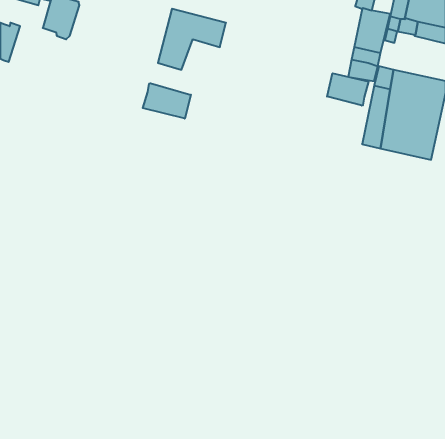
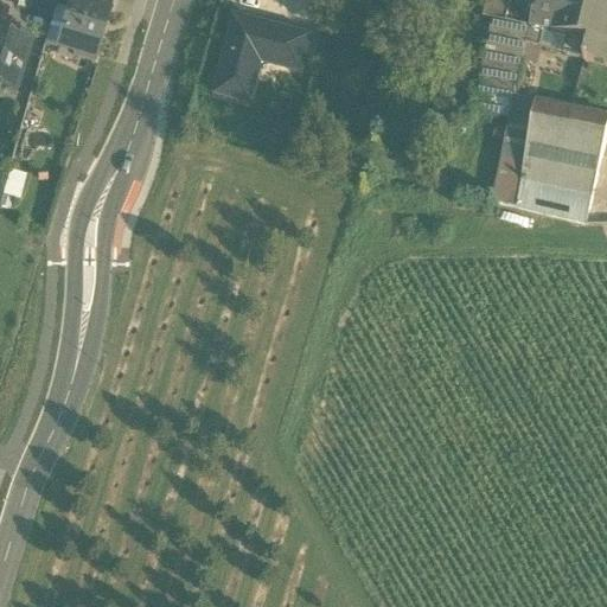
building: [327,73,369,106] -> none
building: [143,83,191,119] -> none

